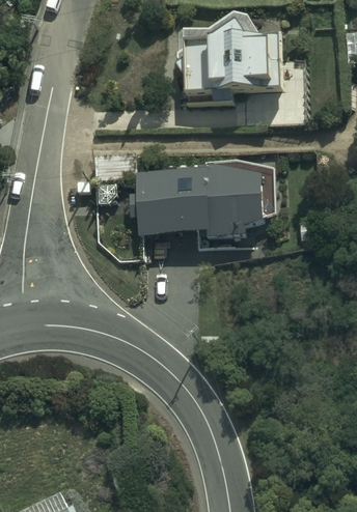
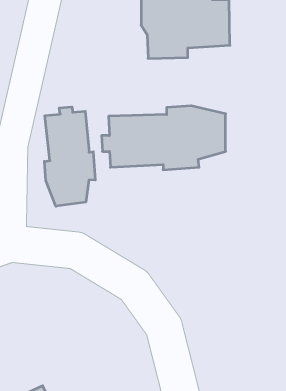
building: none -> [44,107,95,206]

